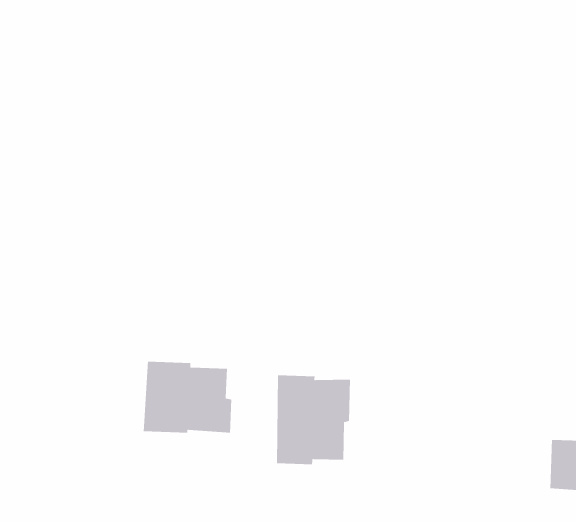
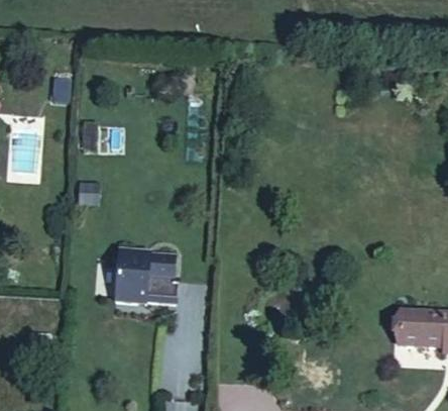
building: [276,375,351,465] -> none

